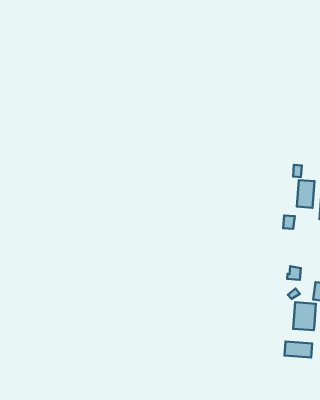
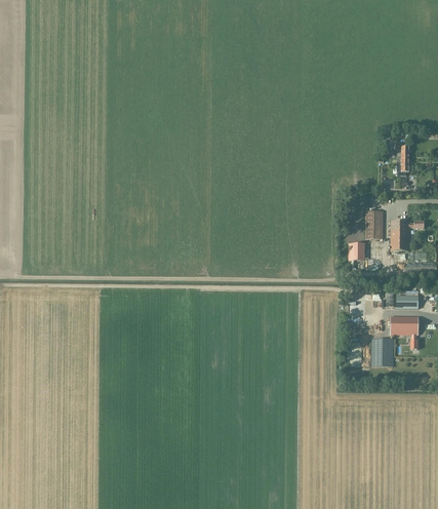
building: [284,341,312,358] -> none

